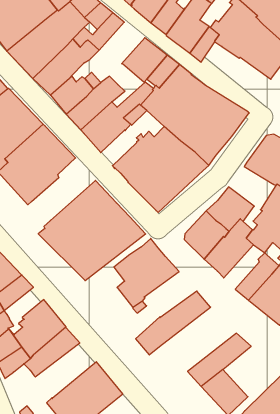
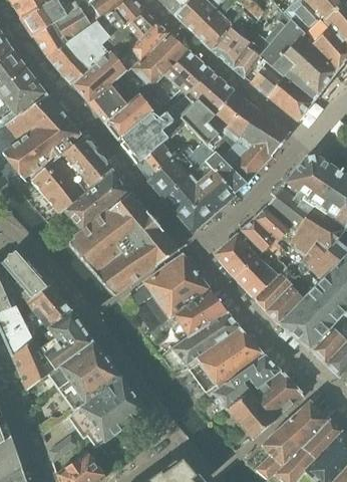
building: none -> [131,33,189,88]
building: none -> [251,63,315,122]
building: none -> [137,143,175,179]
building: none -> [64,169,130,231]
building: none -> [266,187,314,232]
building: none -> [256,267,299,311]
building: none -> [173,290,228,336]
building: none -> [30,298,71,328]
building: none -> [187,328,266,397]
building: none -> [58,357,121,413]
building: none -> [250,371,304,422]

